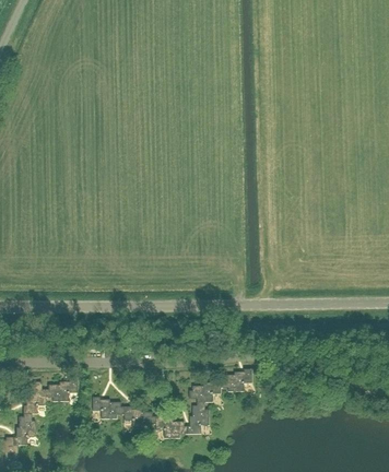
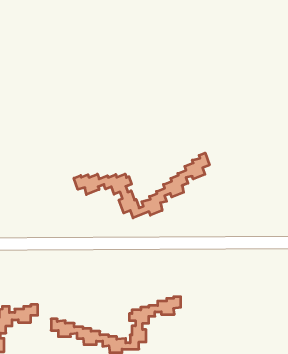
building: none -> [74,153,209,218]

